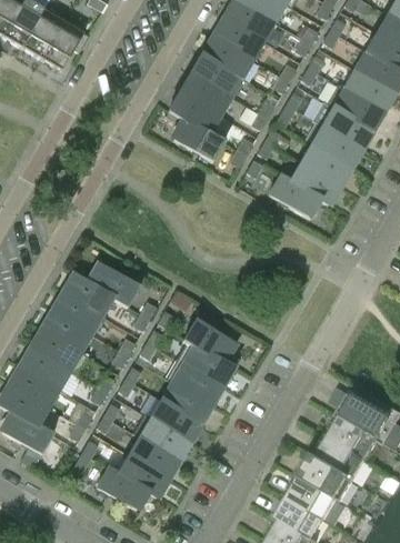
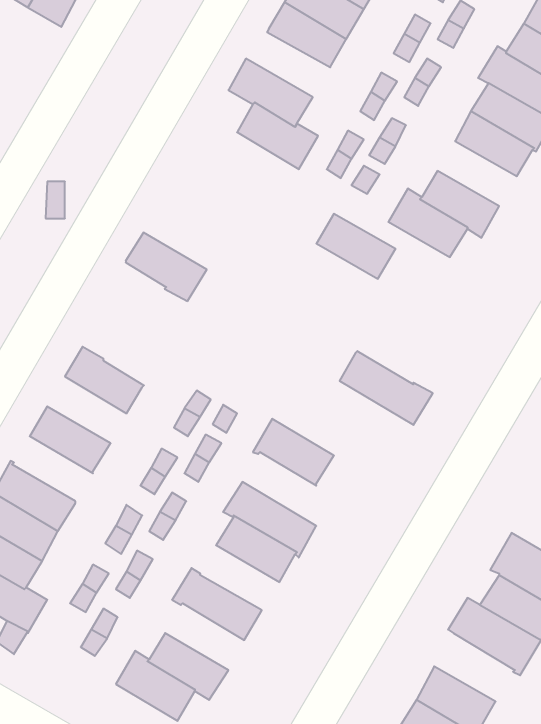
building: [179,72,232,117] -> none
building: [300,144,350,185] -> [316,214,396,279]
building: [89,264,140,308] -> [126,233,207,301]
building: [53,293,103,335] -> none
building: [31,331,88,376] -> none
building: [177,341,236,388] -> [340,351,433,425]
building: [150,400,200,441] -> none
building: [128,436,178,479] -> none
building: [298,455,349,499] -> none

